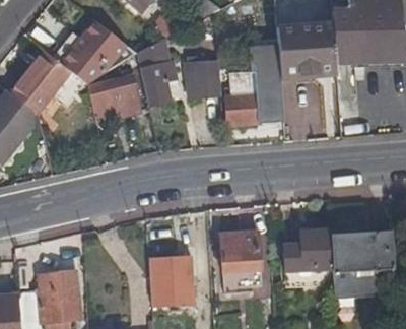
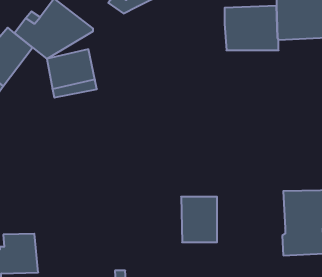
building: [135,38,176,98] -> none
building: [222,47,280,123] -> none
building: [183,58,218,100] -> none
building: [287,226,341,268] -> none
building: [156,255,207,305] -> none

